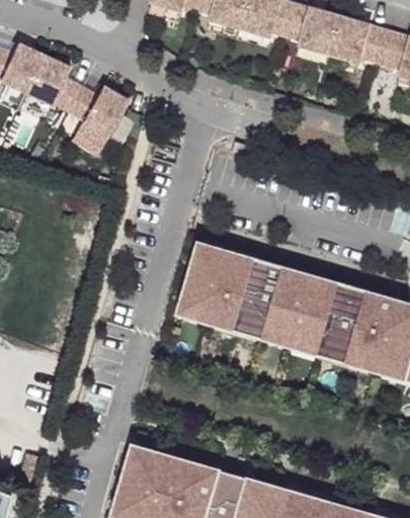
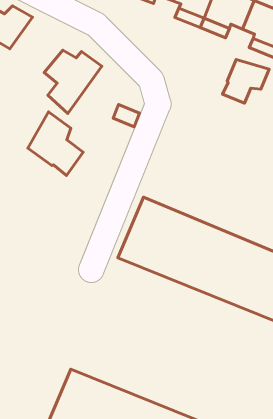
building: [23,53,84,114] -> none
building: none -> [223,59,269,103]
building: none -> [28,112,83,175]

